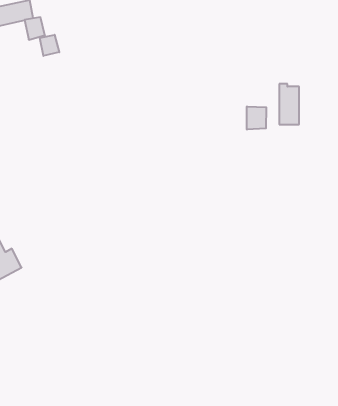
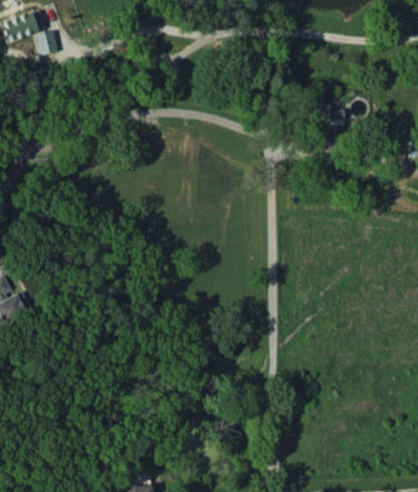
building: [40,35,59,56] -> none
building: [247,106,266,130] -> none

